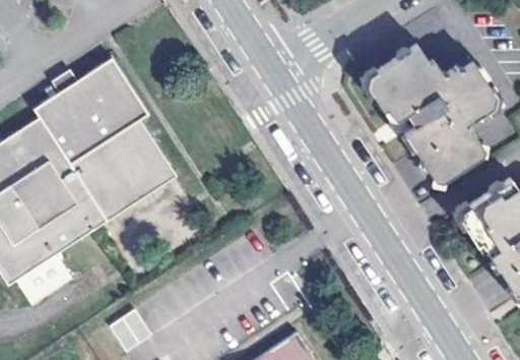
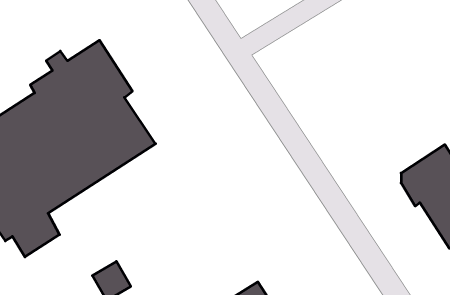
building: [365,45,497,180] -> none

